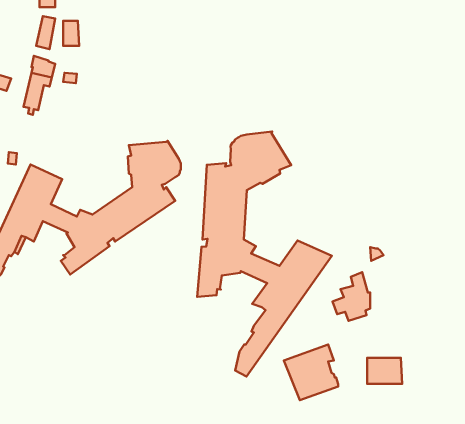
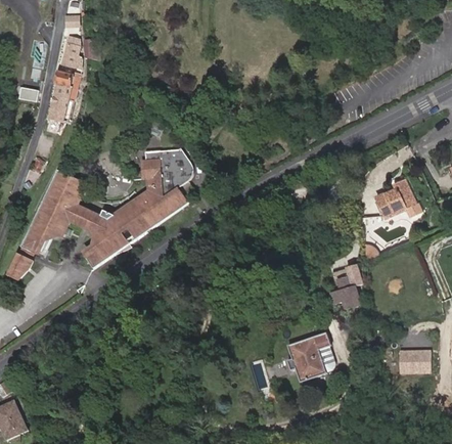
building: [197,132,332,377] -> none
building: none -> [373,177,419,215]
building: [367,358,402,384] -> [399,350,431,373]

